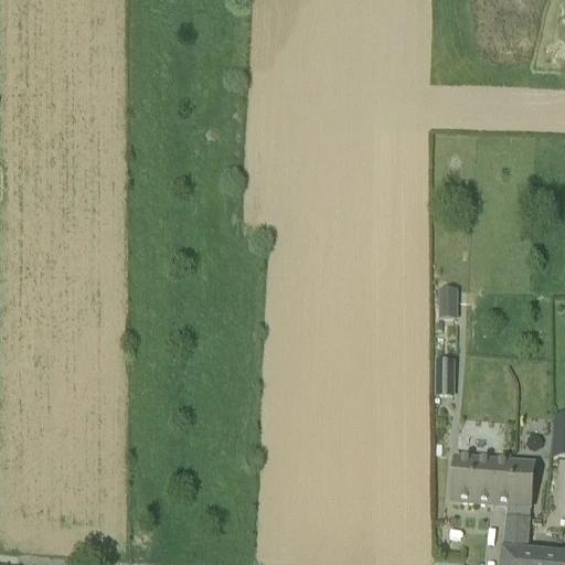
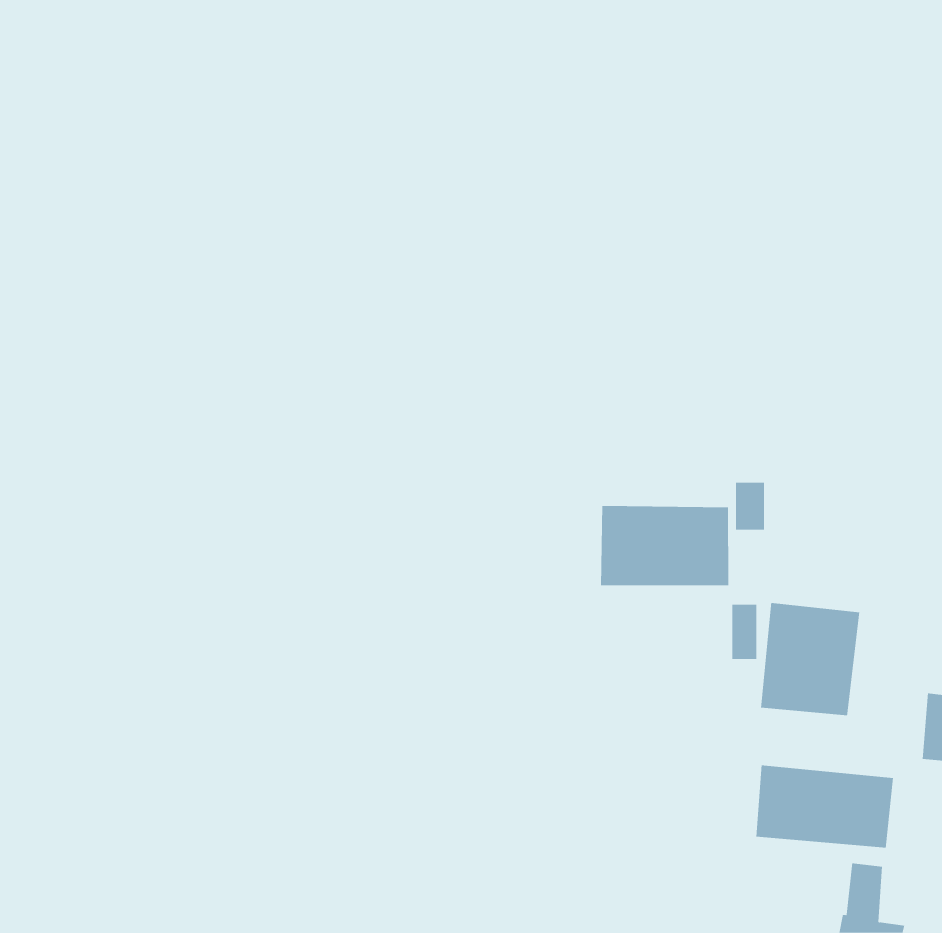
building: none -> [601,505,729,586]
building: none -> [761,602,860,716]

